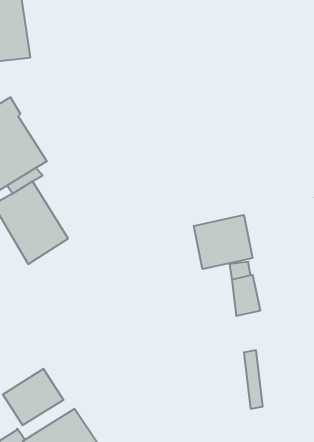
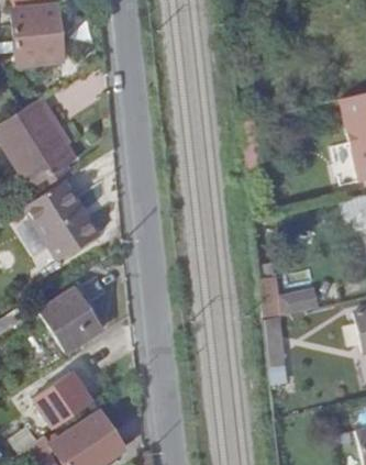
building: [194,215,253,269] -> none
building: none -> [37,290,107,358]

